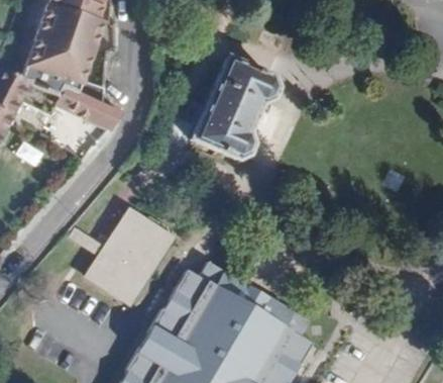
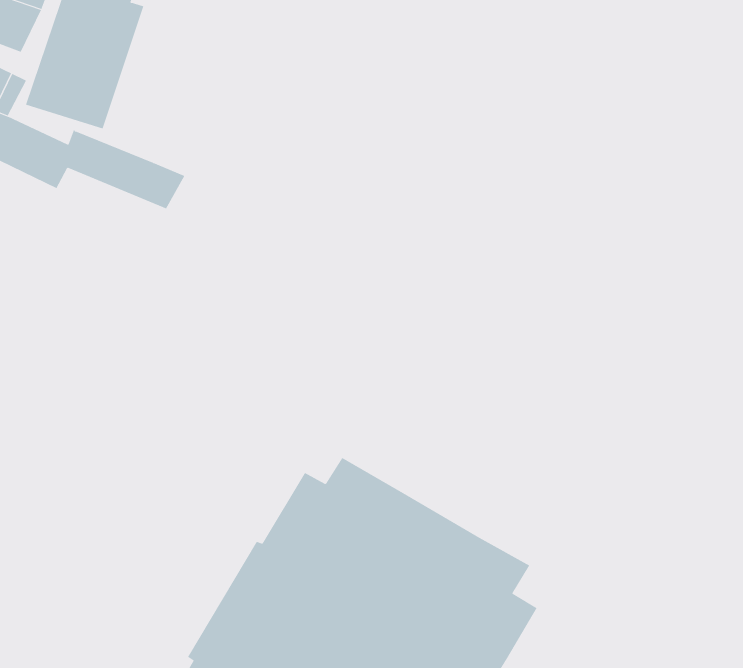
building: [195,59,279,157] -> none
building: [90,210,174,303] -> none

